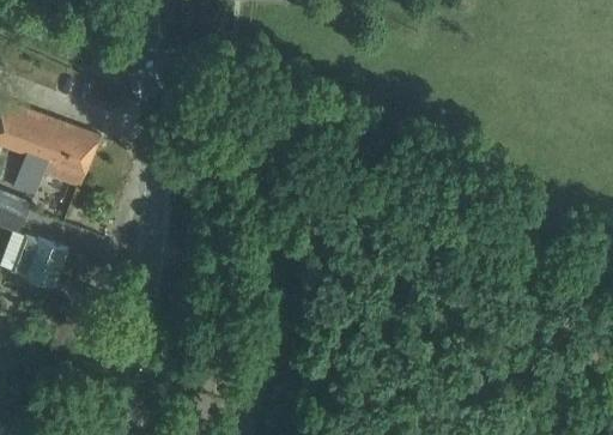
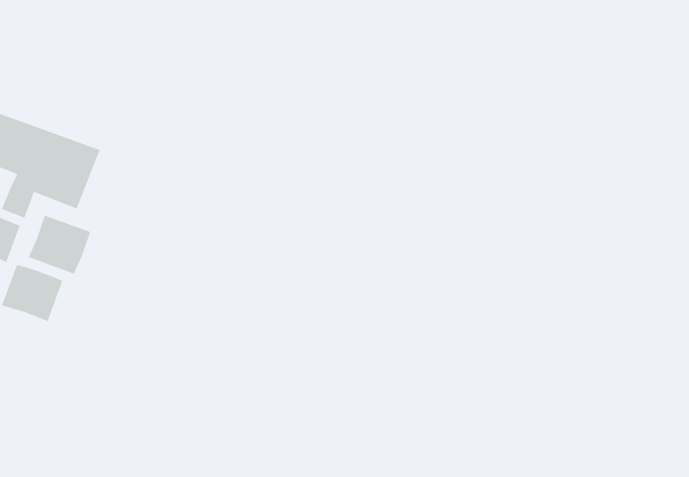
building: none -> [28,215,91,275]

